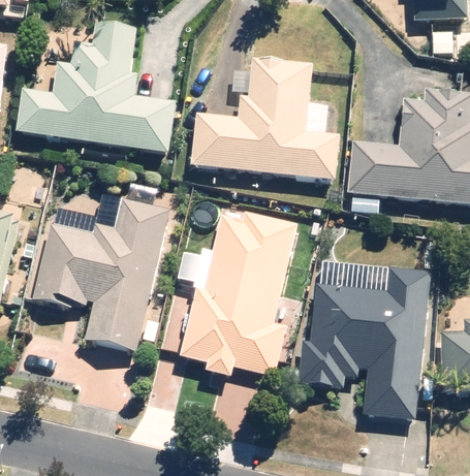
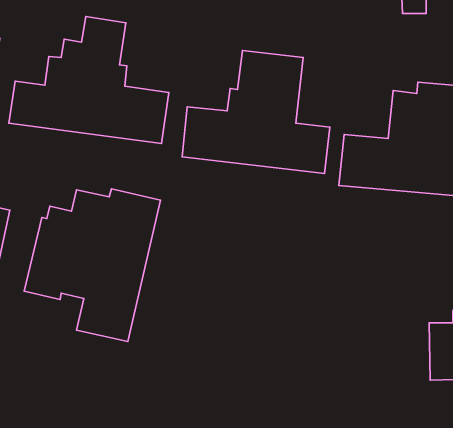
building: [176,202,297,379] -> none
building: [296,264,430,421] -> none

